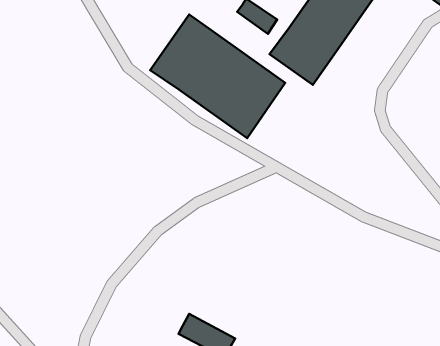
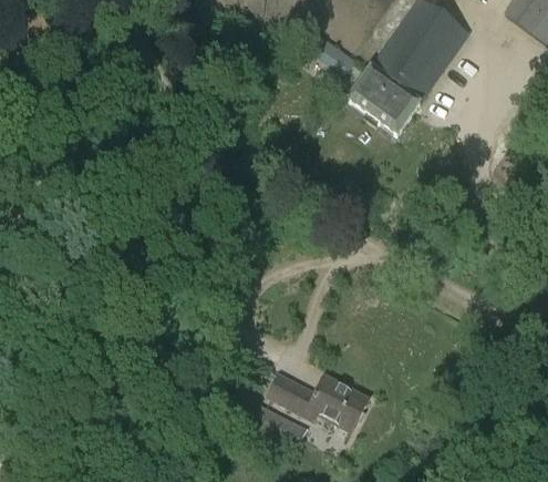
building: [150,14,285,138] -> none
building: none -> [266,372,369,431]

